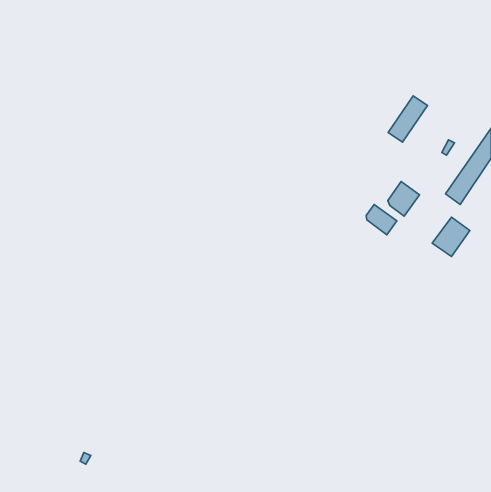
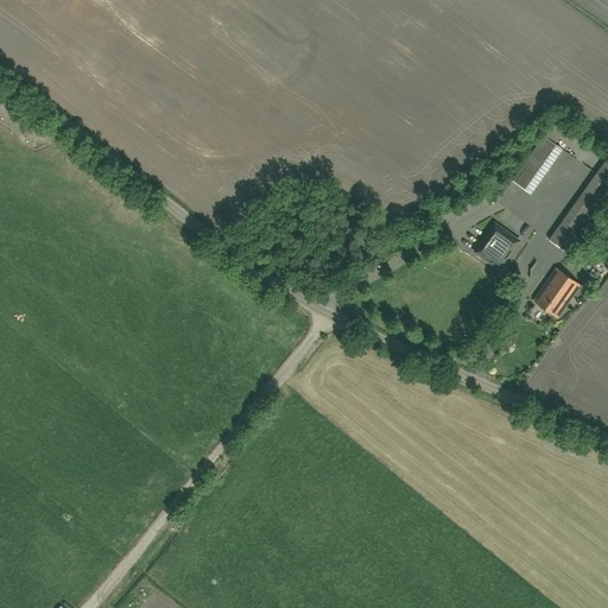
building: [388,96,428,142] -> [511,135,559,192]
building: [366,204,397,235] -> none

